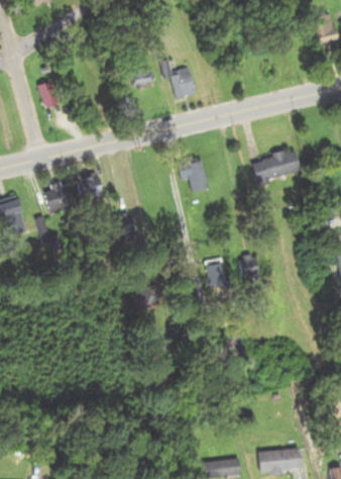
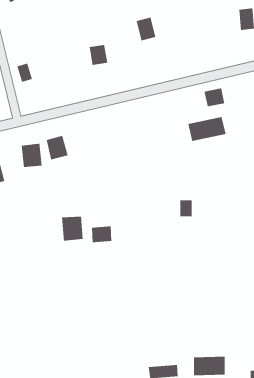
building: [169,67,195,97] -> [136,17,156,41]
building: none -> [204,88,225,107]
building: [177,157,208,191] -> none
building: [206,257,226,288] -> none
building: none -> [62,216,83,242]

